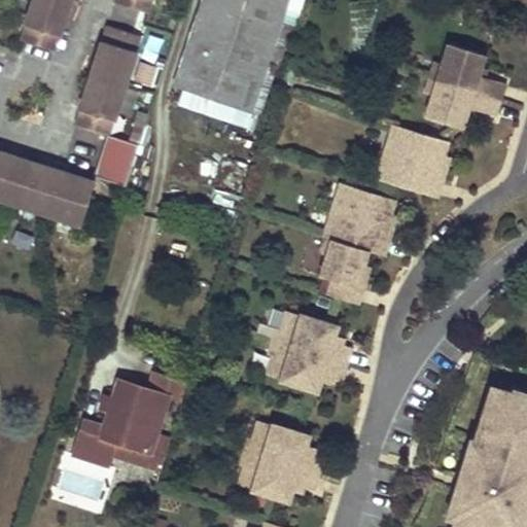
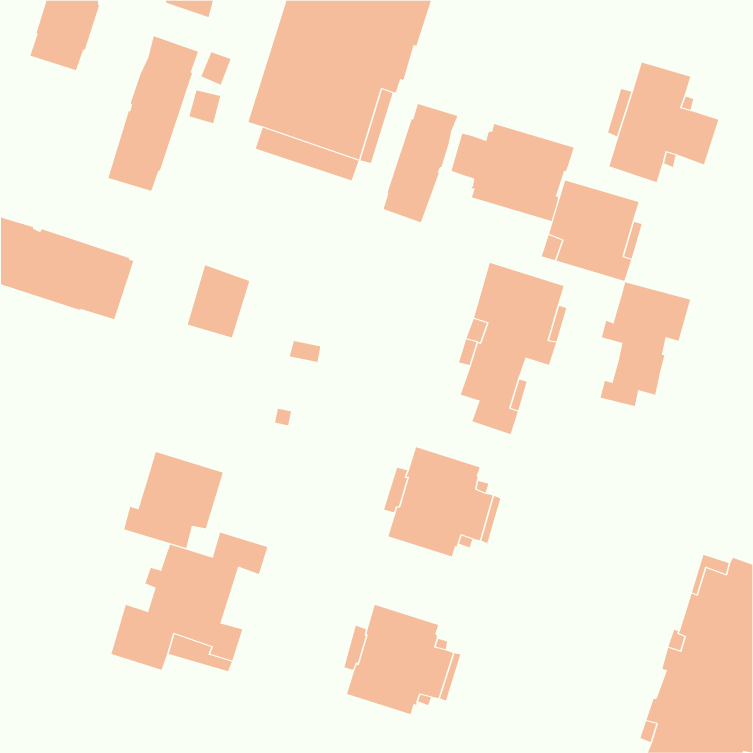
building: none -> [383,103,458,223]
building: none -> [451,123,575,222]
building: [94,134,138,185] -> [187,265,250,338]
building: none -> [600,281,691,407]
building: none -> [124,451,224,549]

